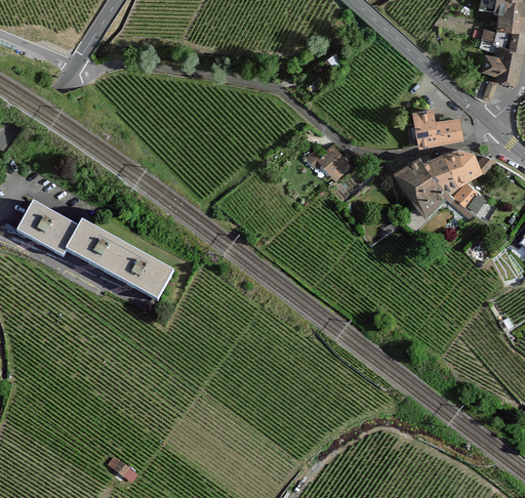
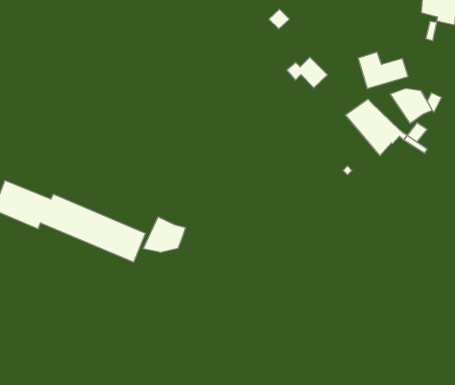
building: [310,144,352,177] -> [287,57,327,88]
building: [421,153,459,192] -> none
building: none -> [143,217,185,253]

